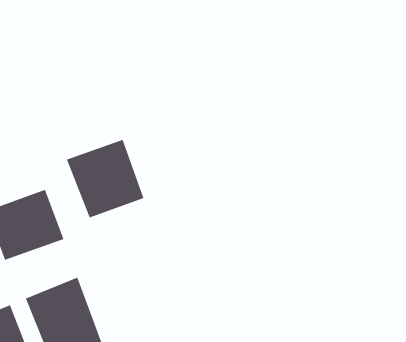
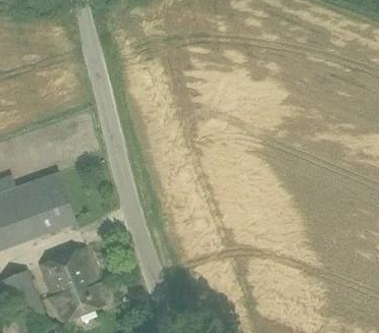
building: [66,139,144,218] -> none

